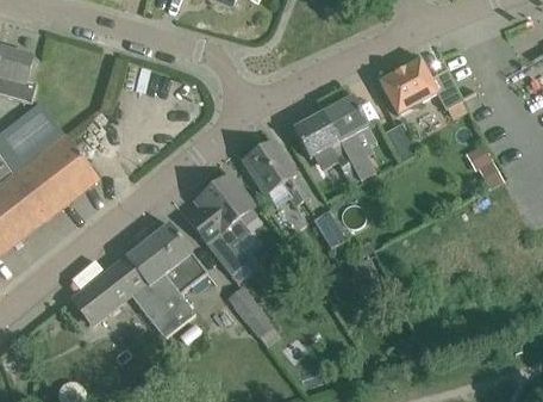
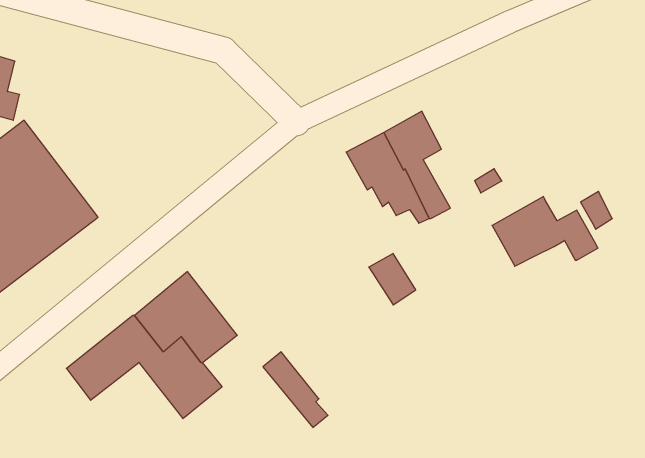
building: [379,57,462,112] -> [492,197,598,266]
building: [243,138,308,205] -> none
building: [186,172,254,273] -> none

